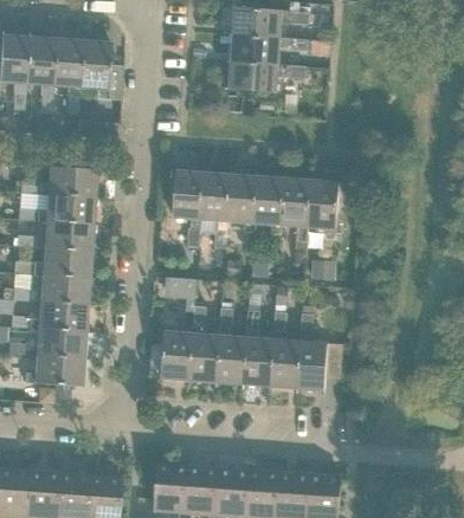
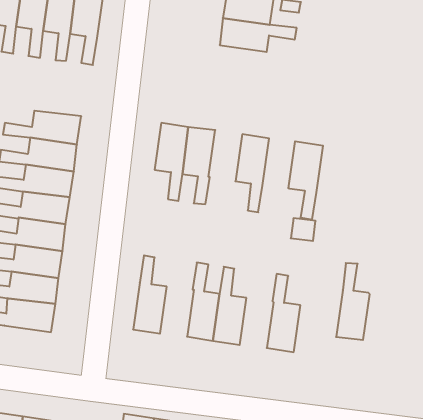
building: [227,174,258,251] -> none
building: [282,179,311,254] -> none
building: [189,306,220,382] -> none
building: [270,312,301,388] -> [336,263,370,340]

